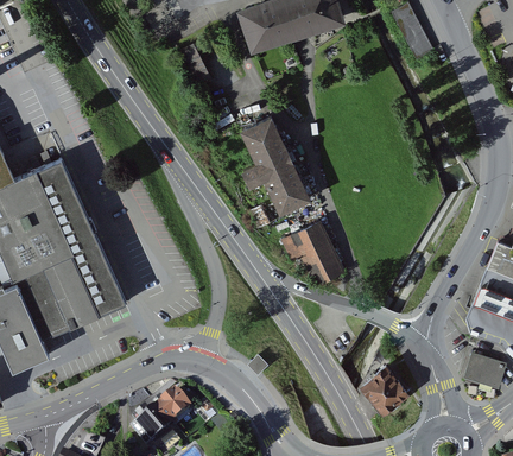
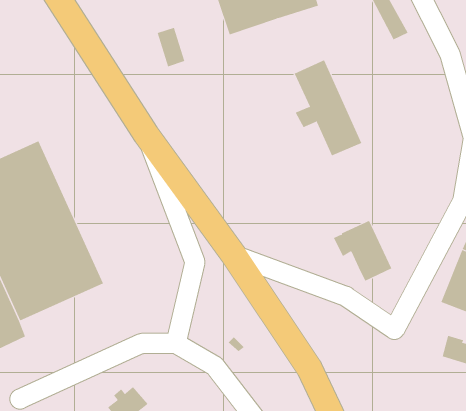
building: [241,119,310,216] -> [294,59,362,156]
building: [283,222,342,284] -> [333,220,392,281]
building: [362,366,406,410] -> none
building: [152,391,189,423] -> none

